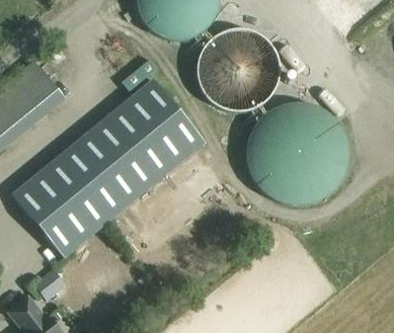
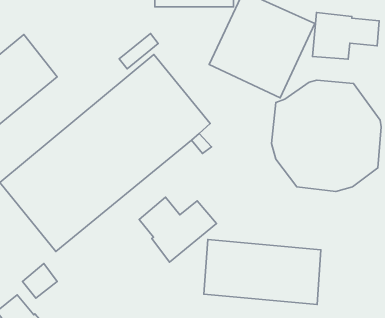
building: none -> [312,12,379,59]
building: none -> [139,197,217,262]
building: none -> [204,240,321,304]

